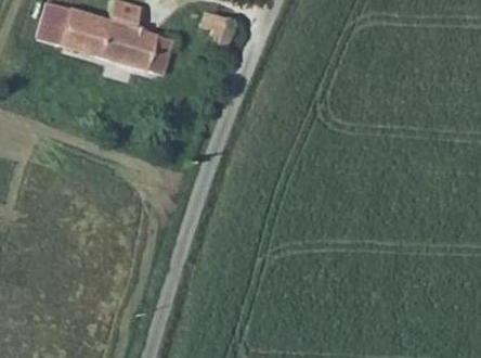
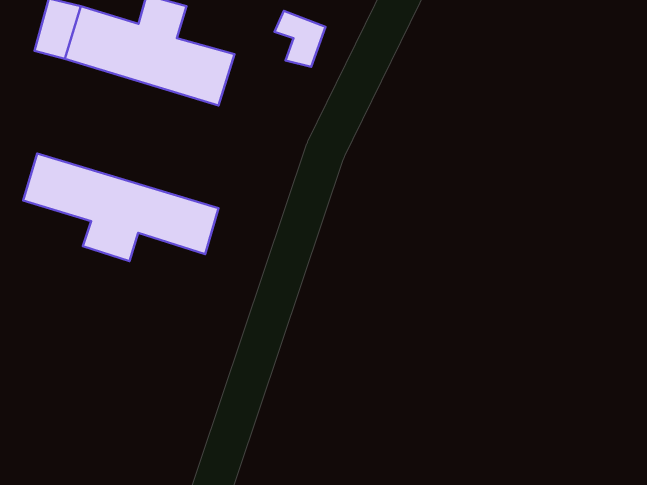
building: none -> [23,153,219,261]

